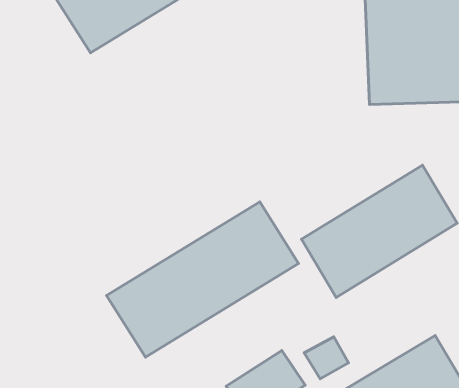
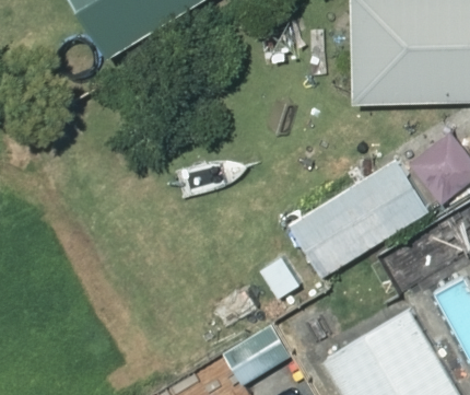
building: [107,202,299,357] -> none

